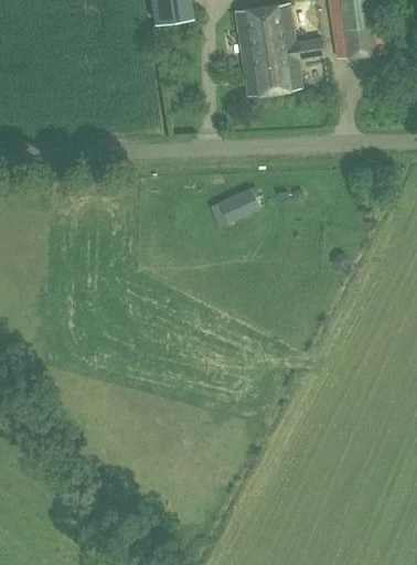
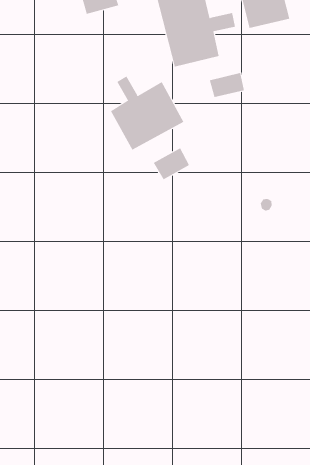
building: none -> [110,76,184,150]
building: none -> [209,72,244,98]

